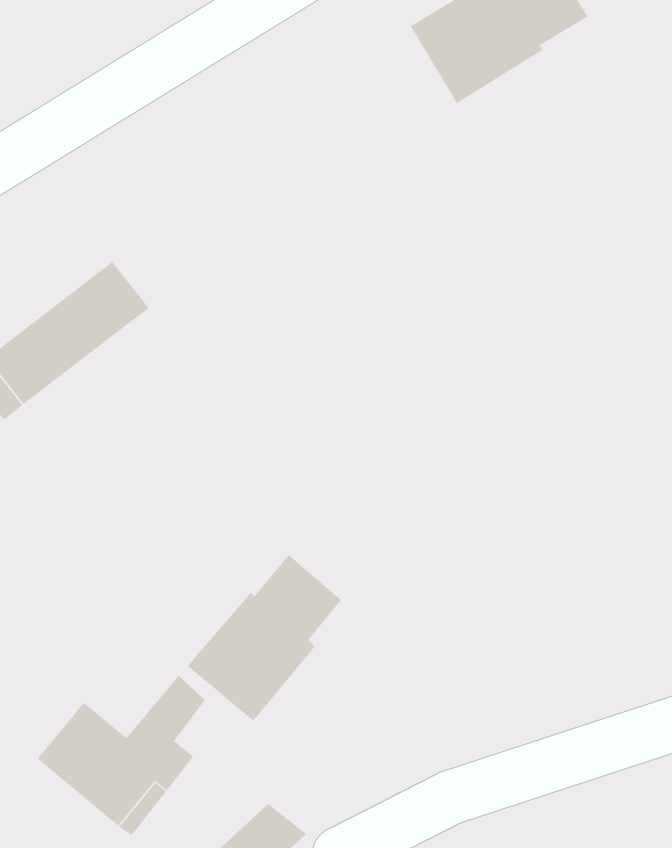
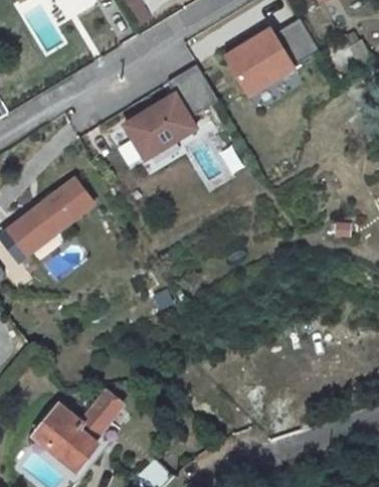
building: none -> [123,65,217,160]
building: [187,554,342,721] -> none

